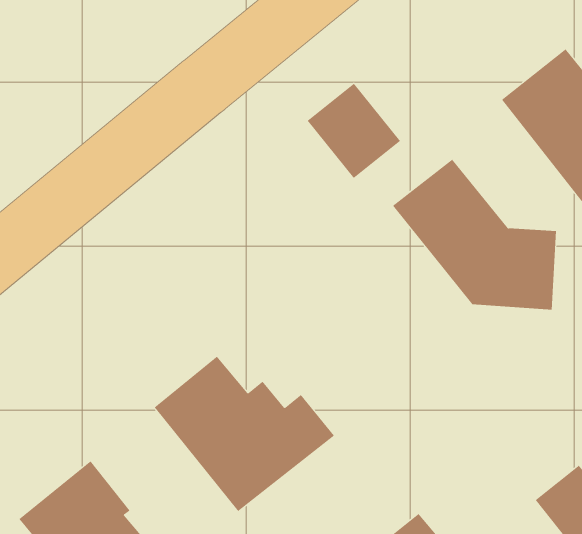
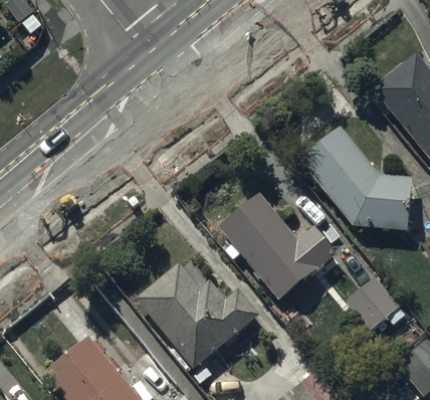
building: [307,83,401,179] -> none
building: none -> [219,194,336,301]
building: none -> [346,276,406,331]

